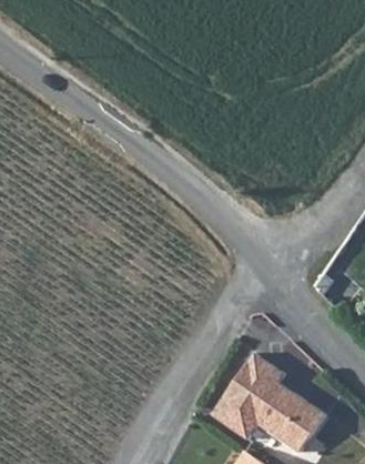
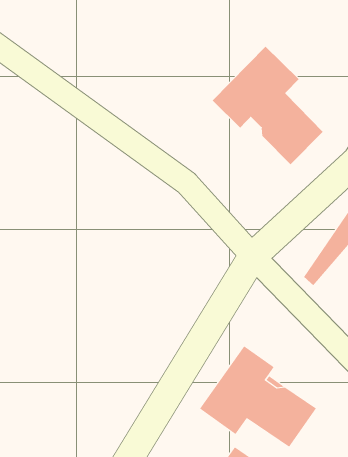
building: none -> [212,46,324,165]

